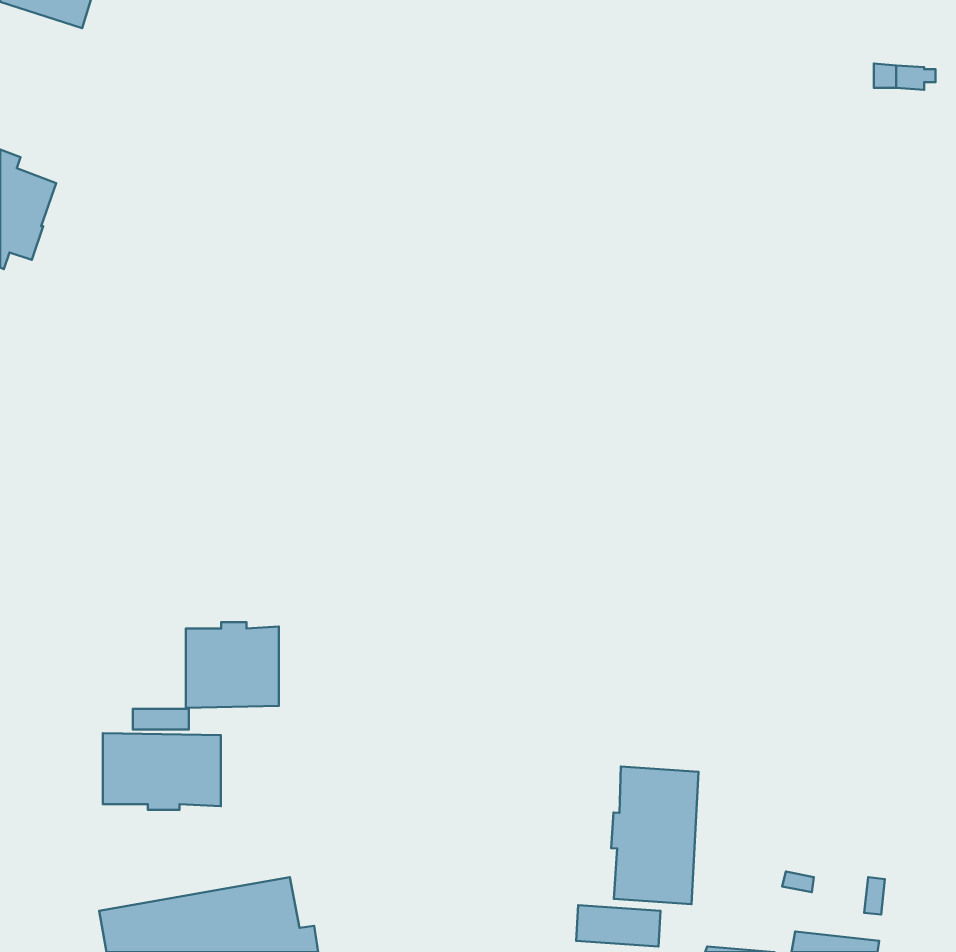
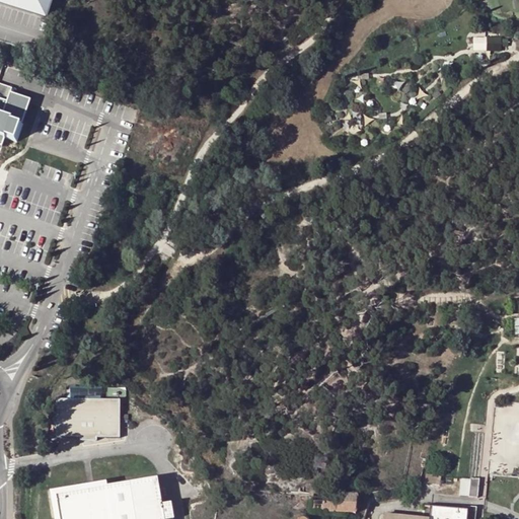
building: [186,622,279,708] -> none
building: [611,767,698,904] -> none

